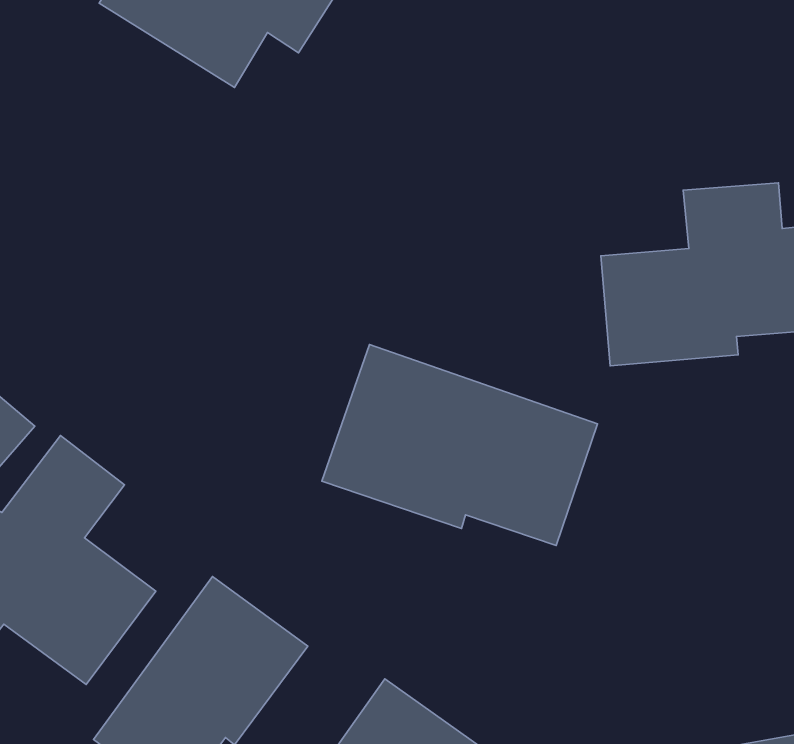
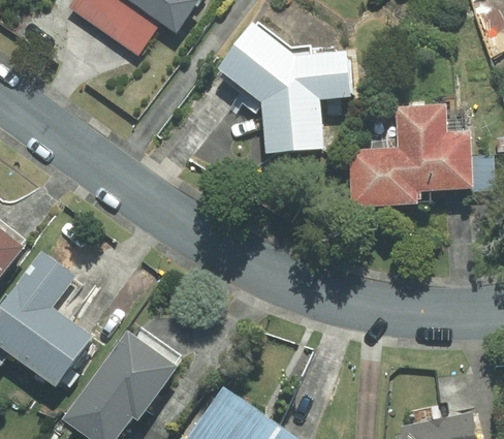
building: none -> [216,19,352,156]
building: [322,345,598,545] -> none

